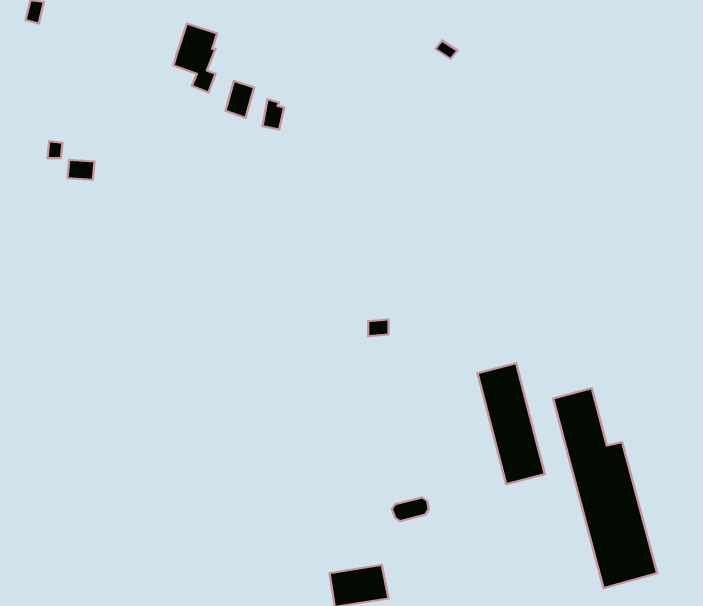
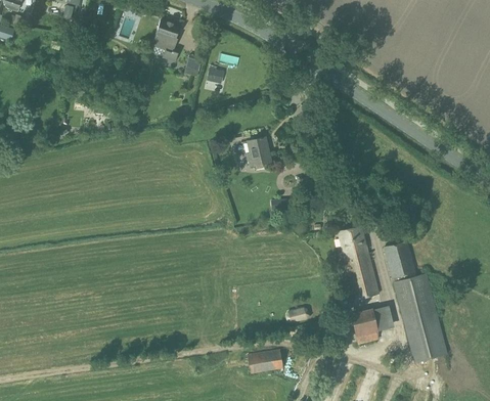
building: none -> [247,136,270,166]
building: none -> [350,305,394,344]

